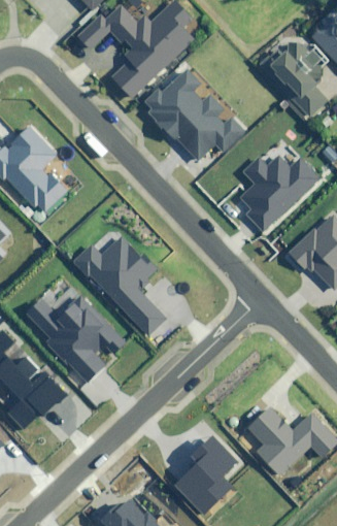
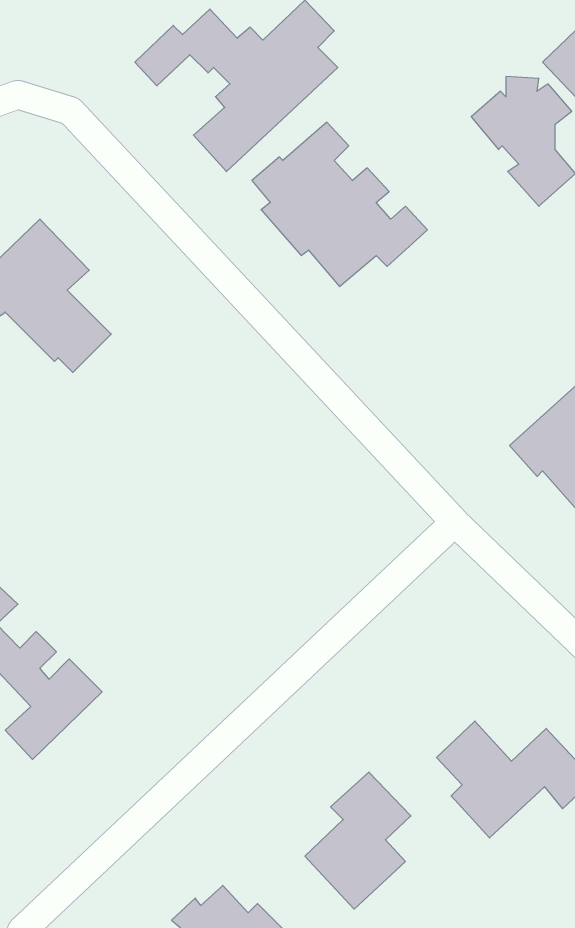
building: [241,156,319,230] -> none
building: [73,236,165,335] -> none
building: [26,296,125,380] -> none

